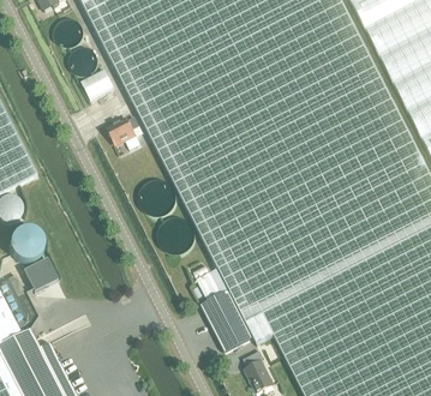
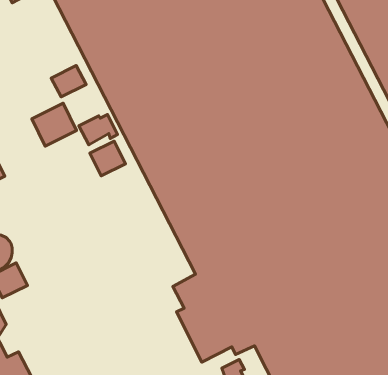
building: none -> [32,103,77,146]
building: none -> [90,141,126,176]

